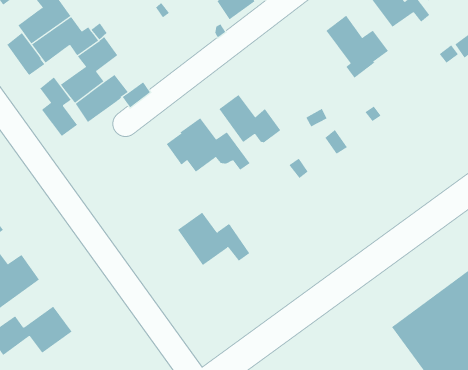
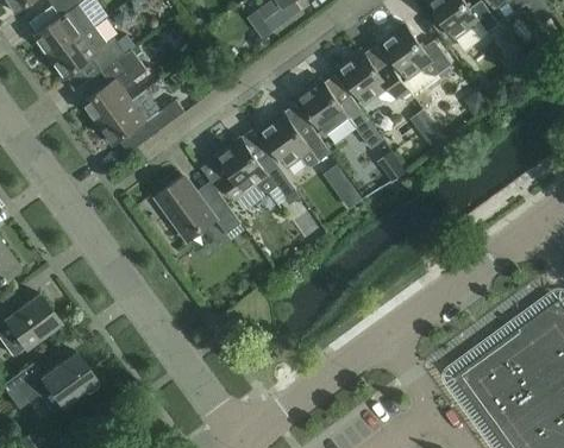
building: [6,32,45,76] -> none
building: none -> [337,50,408,106]
building: none -> [296,81,368,141]
building: [40,77,78,137] -> none
building: [177,212,250,266] -> [157,178,239,239]

